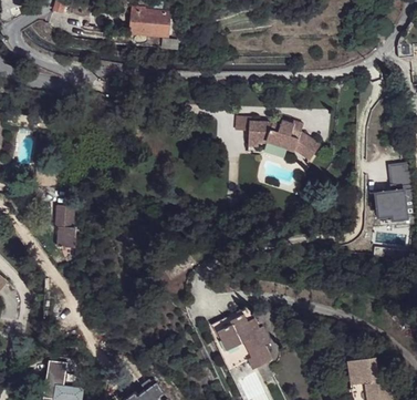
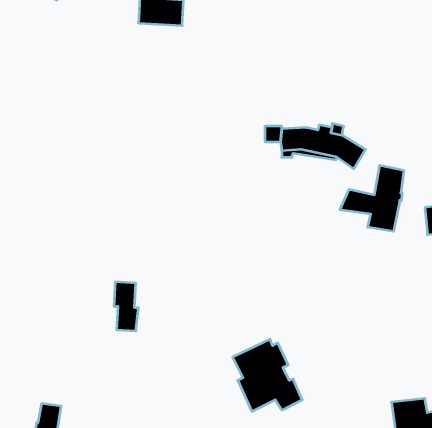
building: none -> [340,165,404,231]
building: [55,206,76,248] -> [114,282,138,331]

